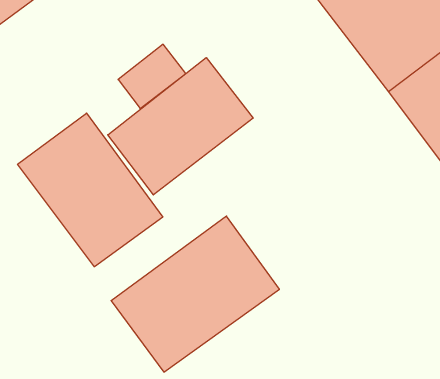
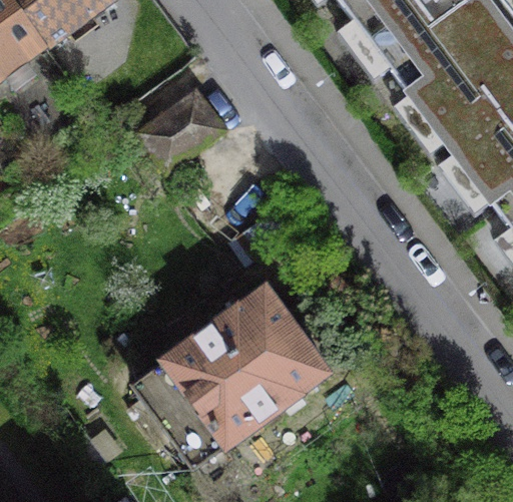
building: [108,58,253,195] -> none
building: [18,113,163,267] -> none

